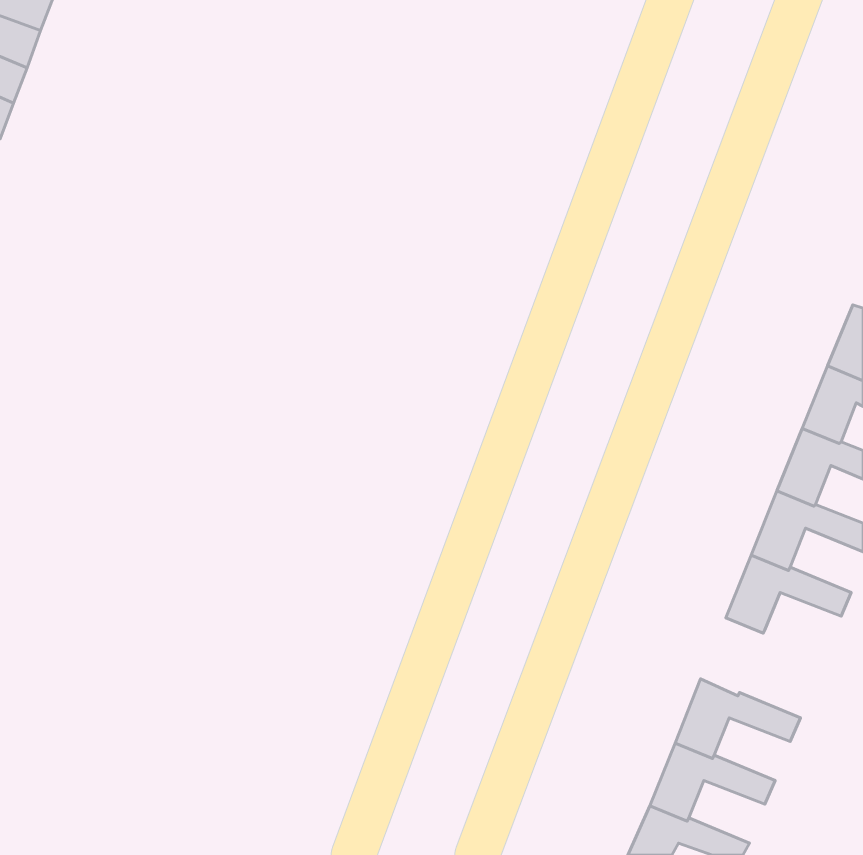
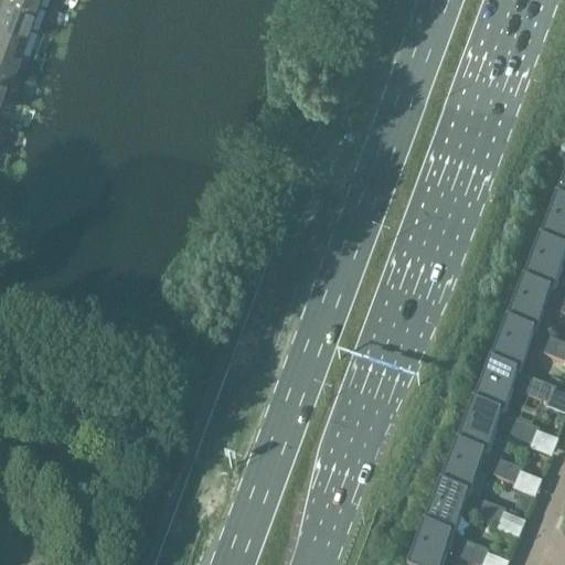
building: none -> [457,403,539,454]

